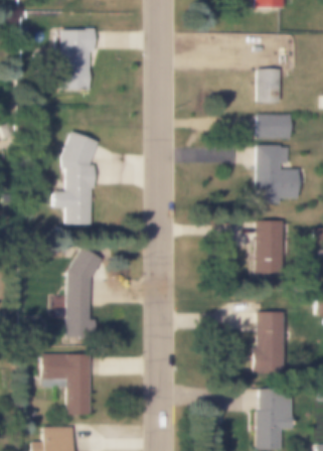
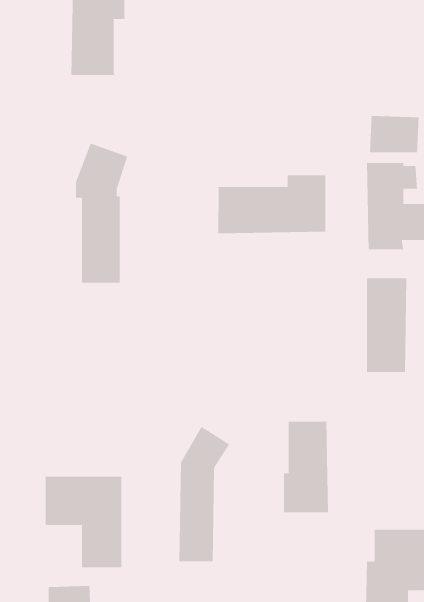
building: [258,67,281,102] -> none
building: none -> [218,175,326,234]
building: [66,247,101,337] -> [179,426,230,562]
building: [253,311,283,372] -> [283,421,329,513]

